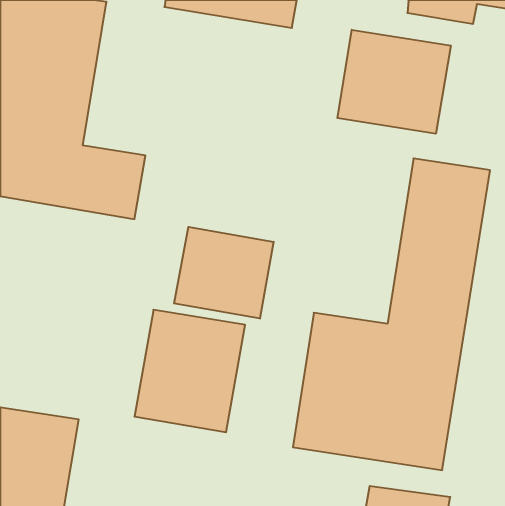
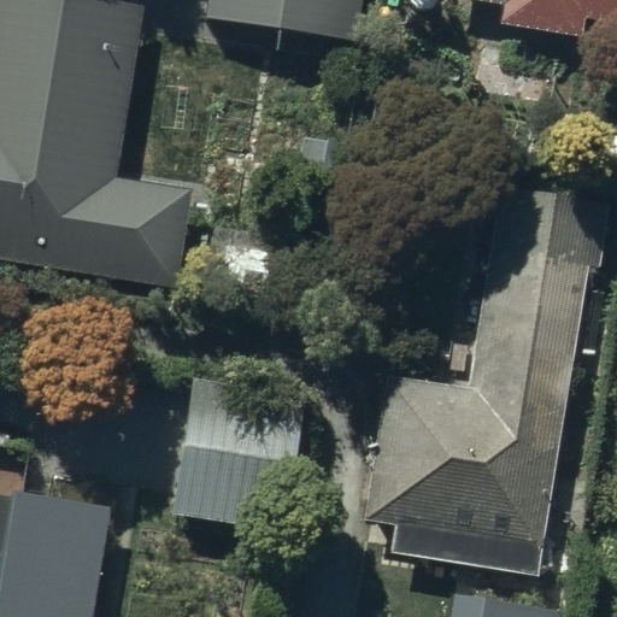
building: [337,30,451,134] -> none
building: [174,227,274,319] -> none

